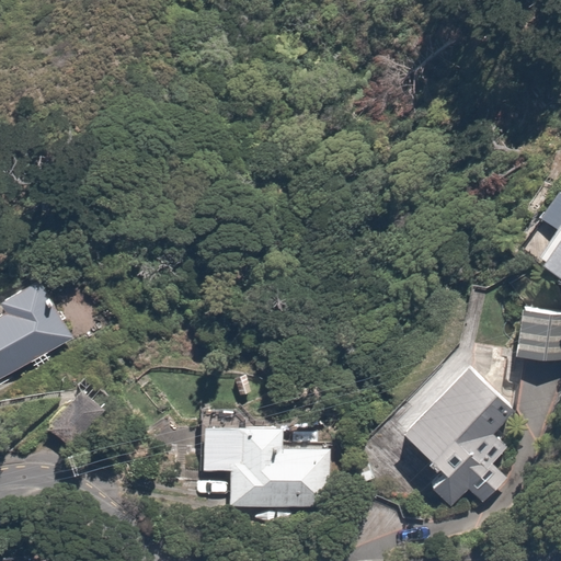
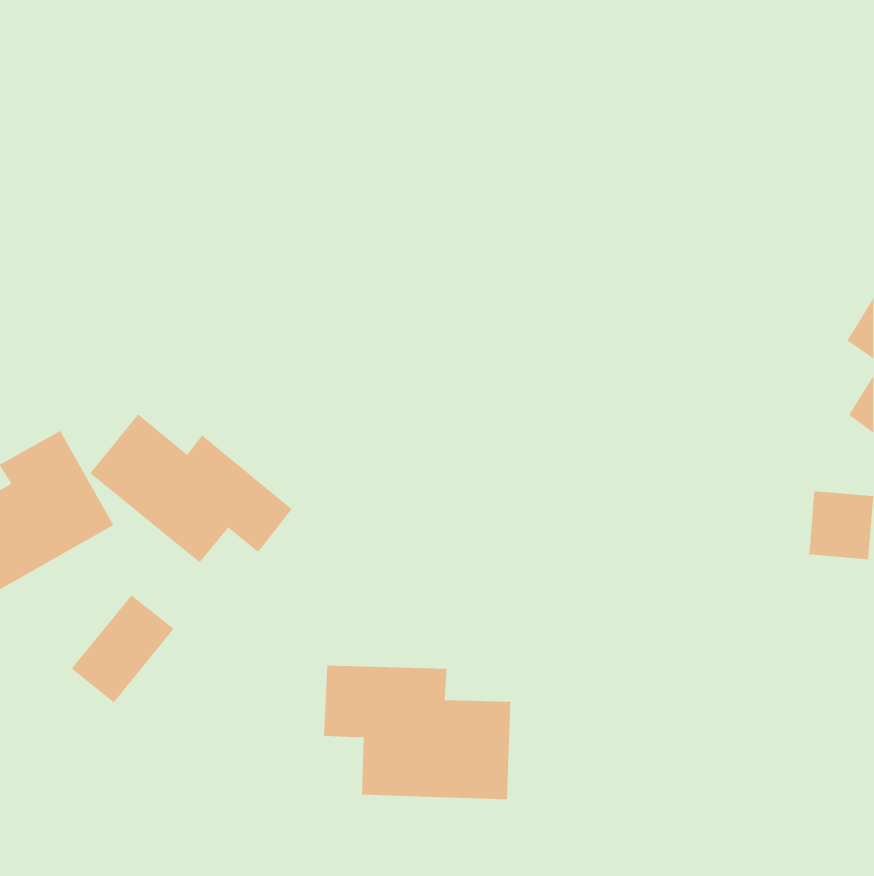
building: none -> [89,413,292,563]
building: [404,367,517,503] -> none

